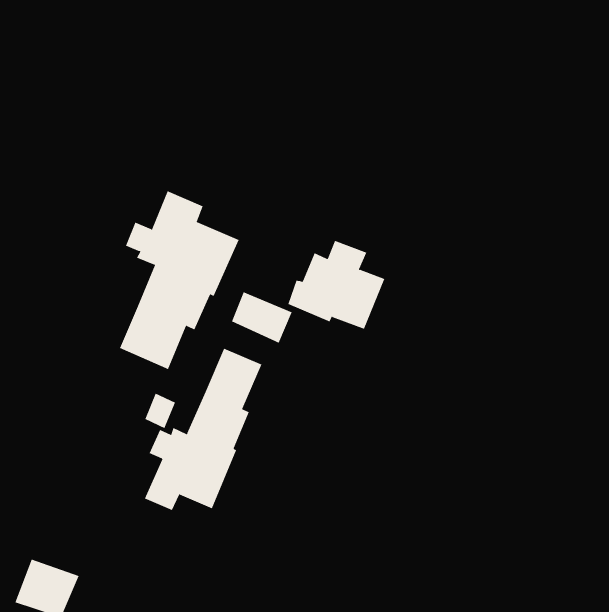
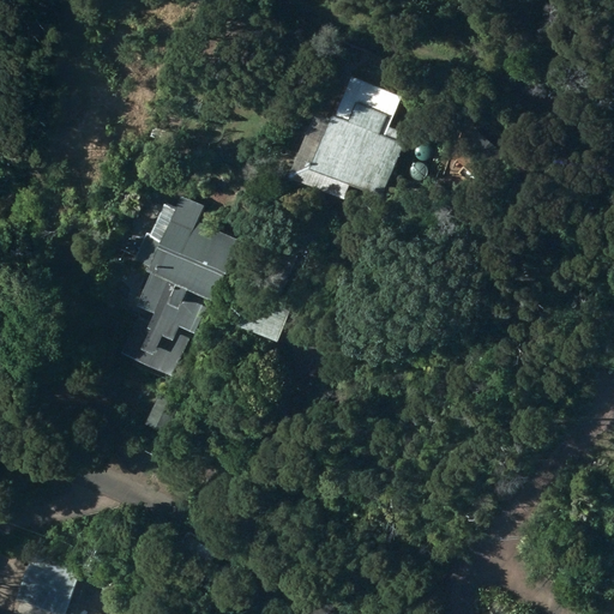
building: [288,240,385,329] -> [303,106,401,194]
building: [144,348,262,511] -> none

